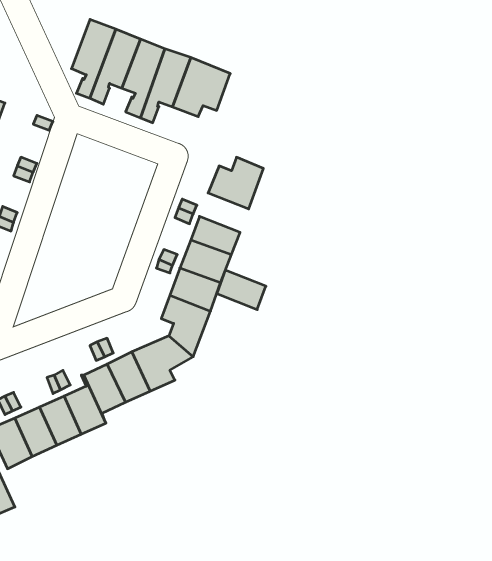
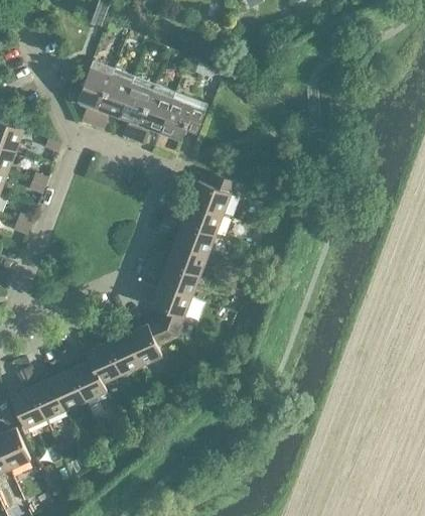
building: [217,270,266,310] -> [182,204,223,236]

